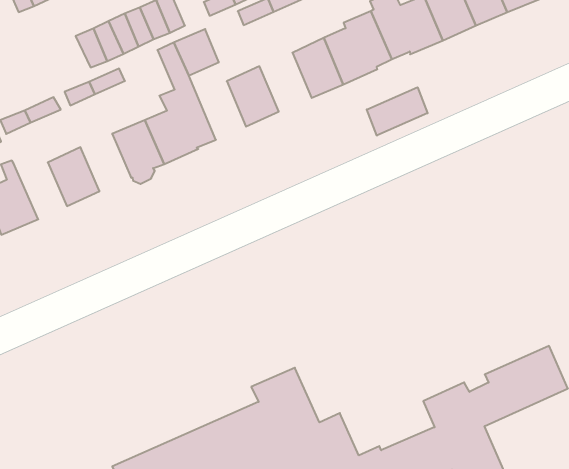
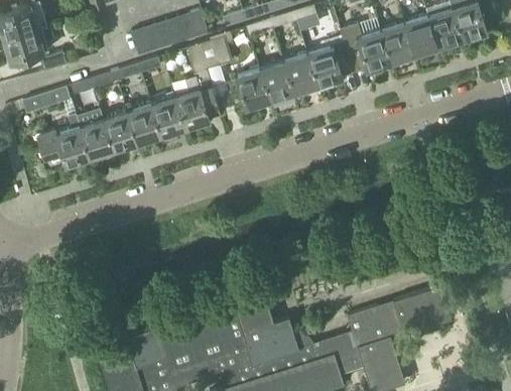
building: none -> [257,60,291,101]
building: [367,87,428,136] -> none
building: none -> [125,104,158,143]
building: none -> [77,110,111,158]

